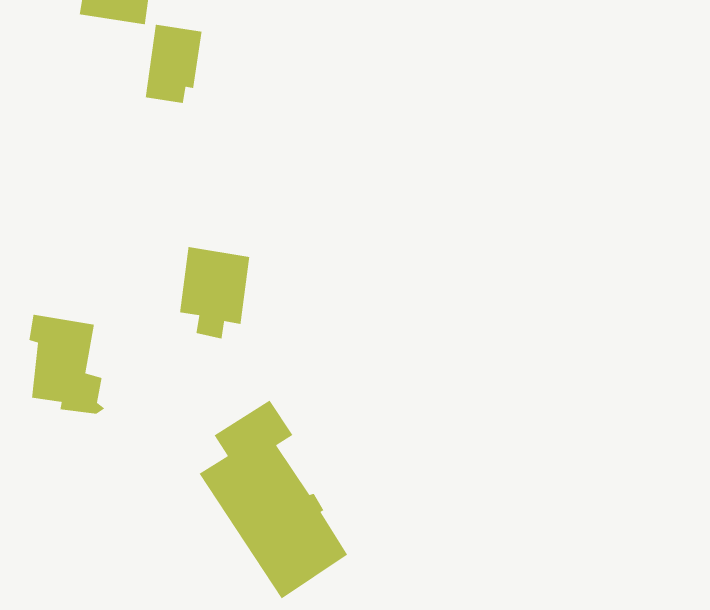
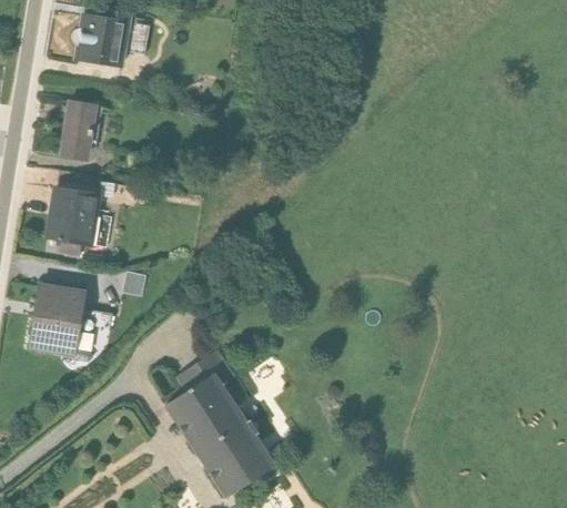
building: [145,24,203,104] -> [59,99,102,159]
building: [179,246,250,339] -> [47,186,100,256]

